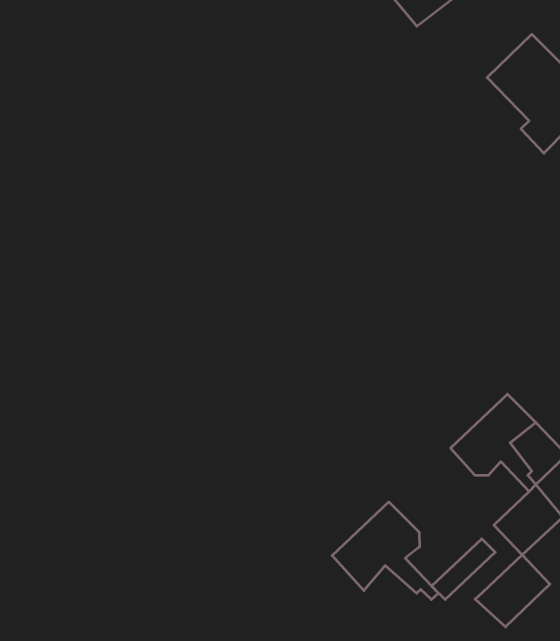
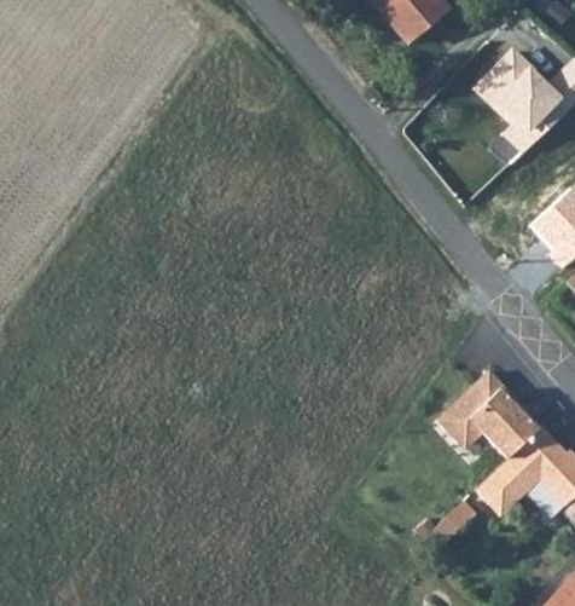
building: [332,502,438,600] -> none
building: [475,555,550,627] -> none

